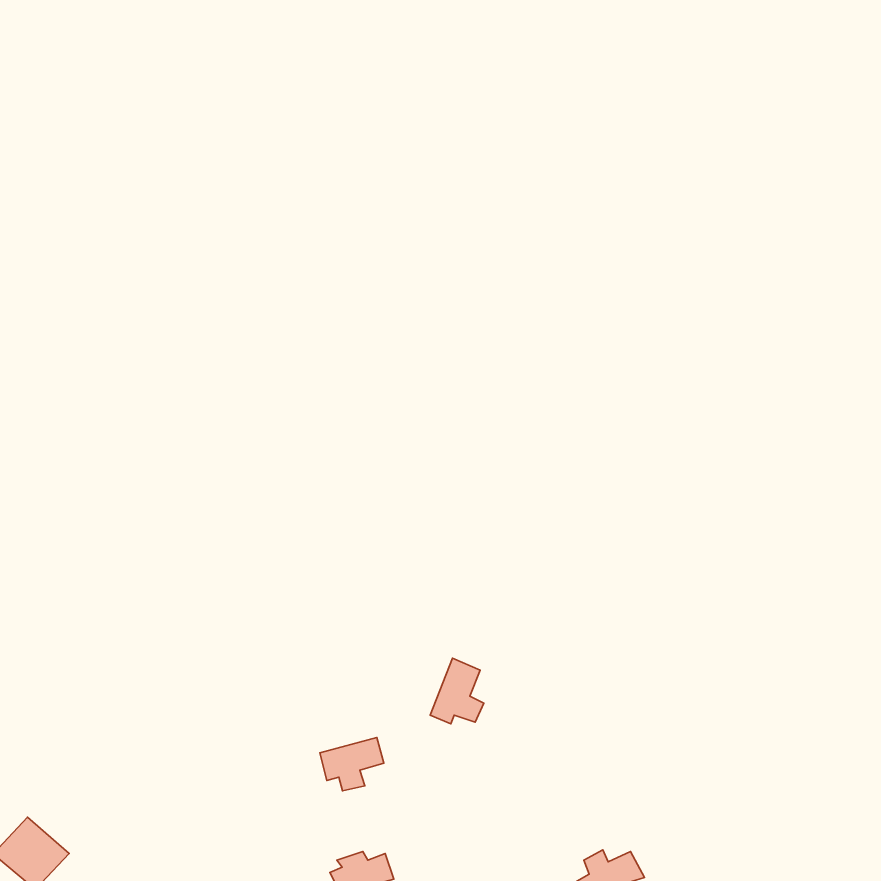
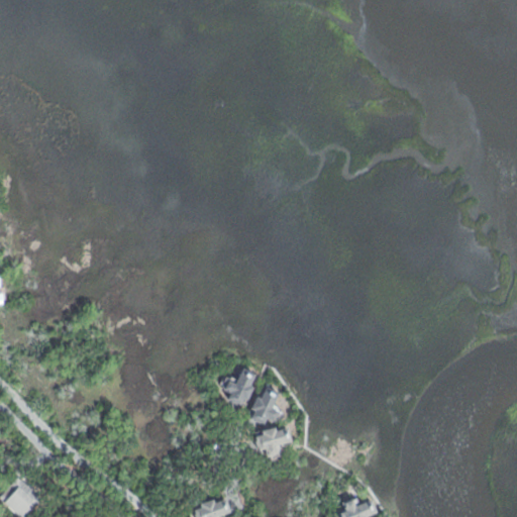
building: none -> [222,369,257,408]
building: [320,737,384,791] -> [253,426,291,457]

